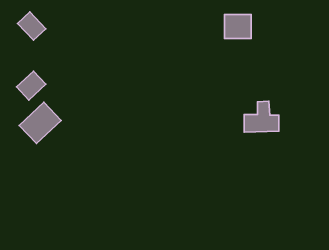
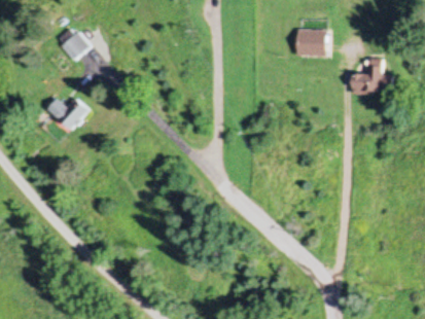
building: [244,101,279,132] -> [353,58,393,94]
building: [19,102,61,144] -> none

